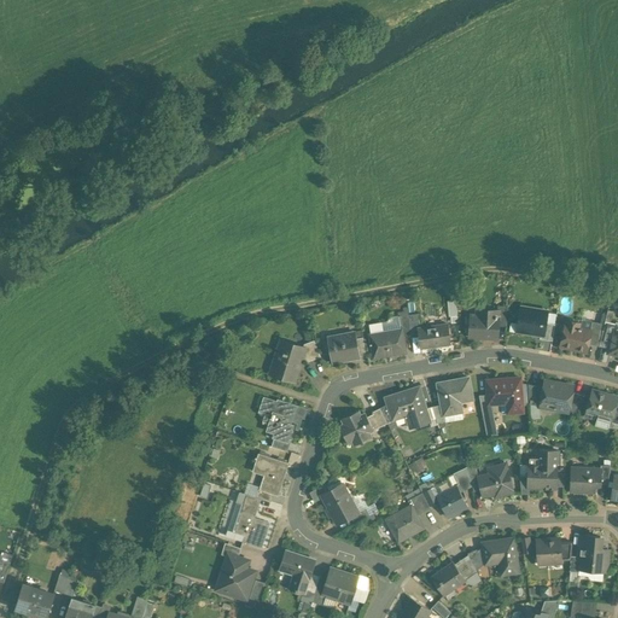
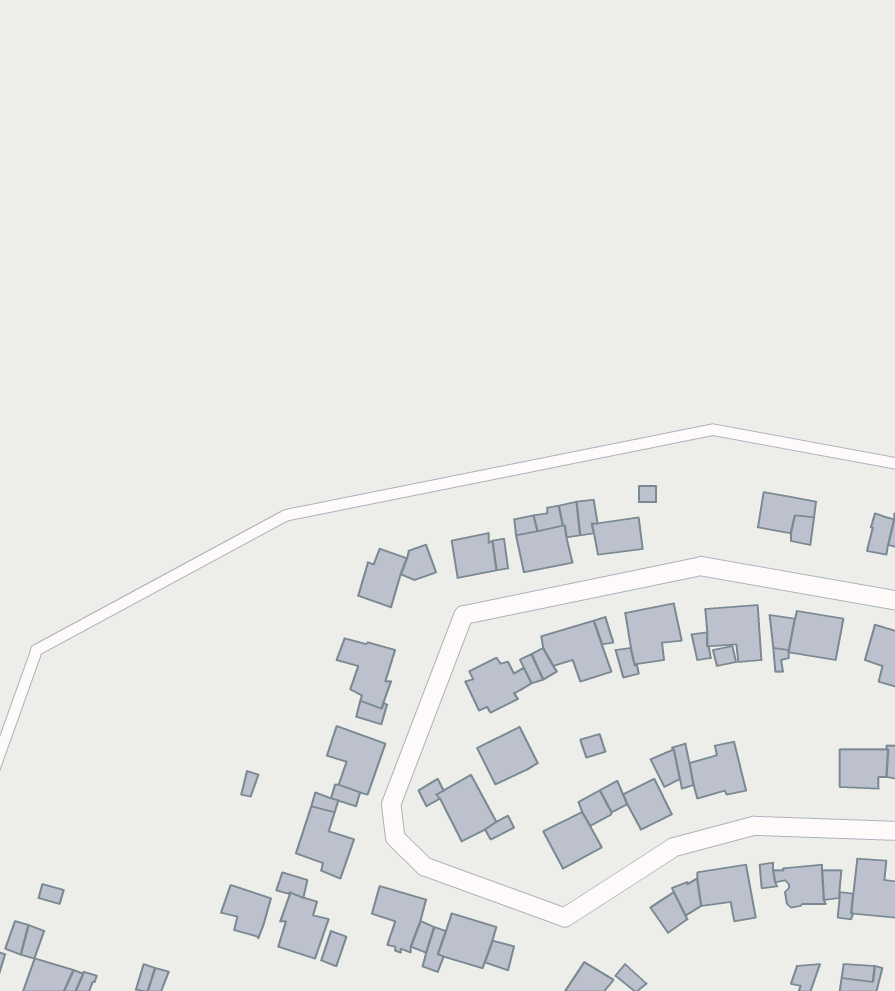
building: [470,310,497,338] -> none
building: [560,321,590,352] -> none
building: [525,450,556,489] -> none
building: none -> [477,727,538,784]
building: none -> [221,885,271,938]
building: [431,562,464,595] -> none

